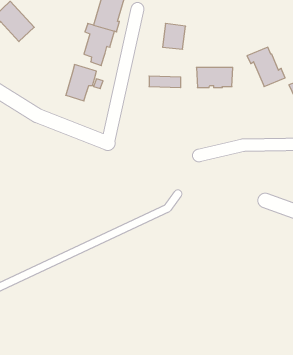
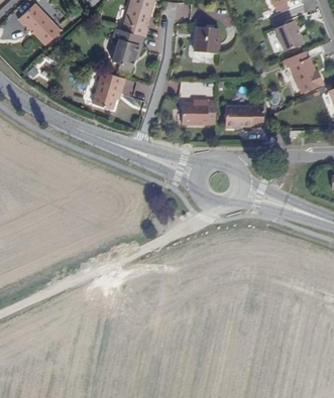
building: none -> [274,20,303,51]
building: [196,67,233,88] -> [225,106,263,127]
building: none -> [183,99,208,123]

